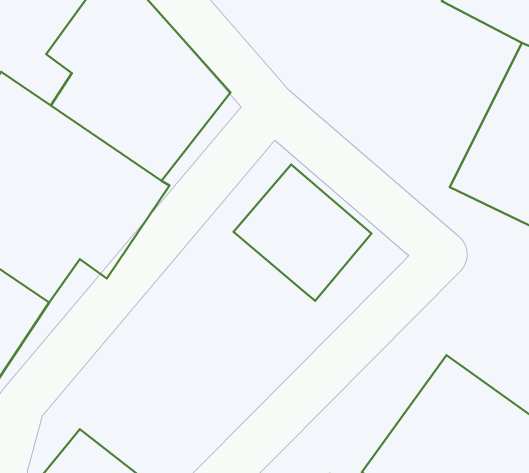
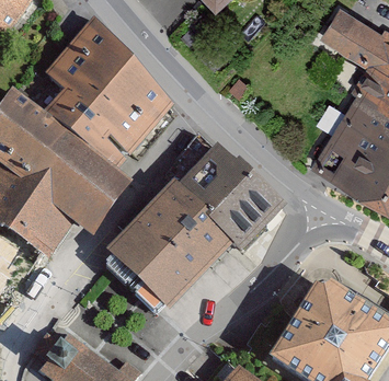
building: none -> [104,188,224,310]

